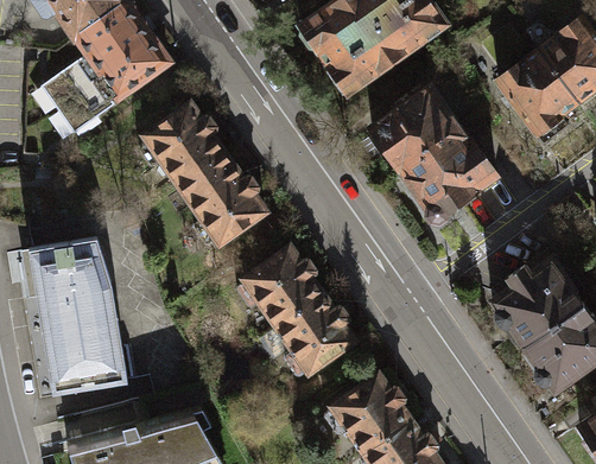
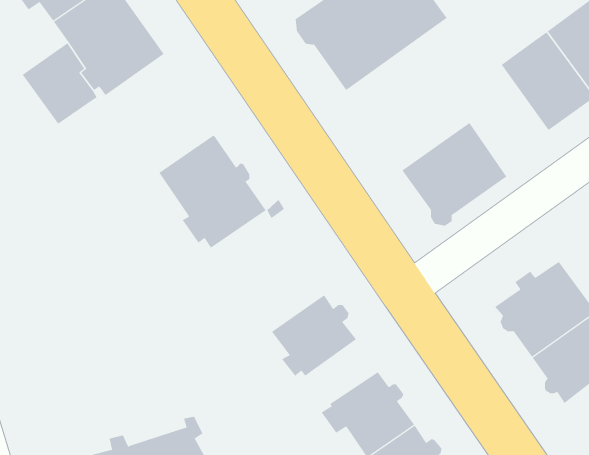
building: [368,82,467,174] -> none
building: [137,96,222,177] -> none
building: [236,240,328,329] -> none
building: [27,241,128,396] -> none

